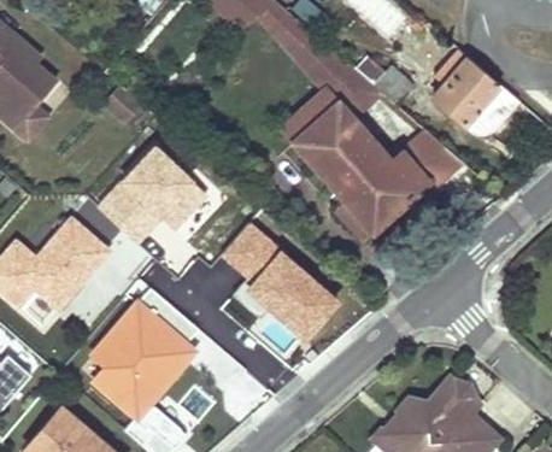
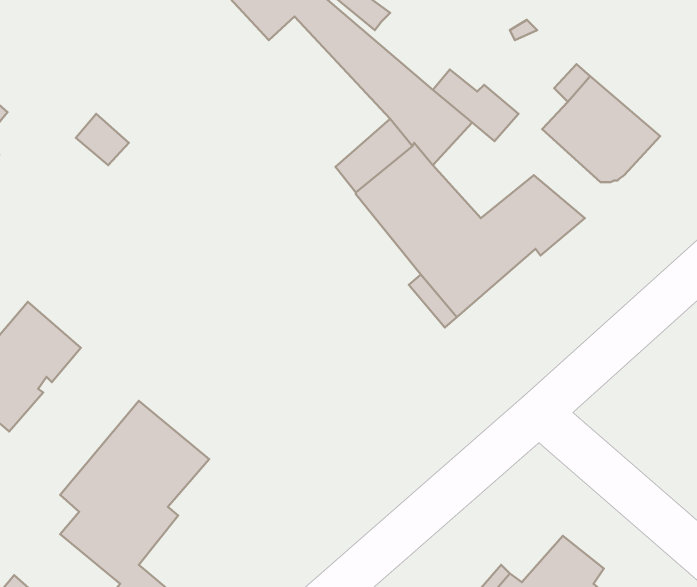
building: [96,145,206,241] -> none
building: [222,221,337,335] -> none

